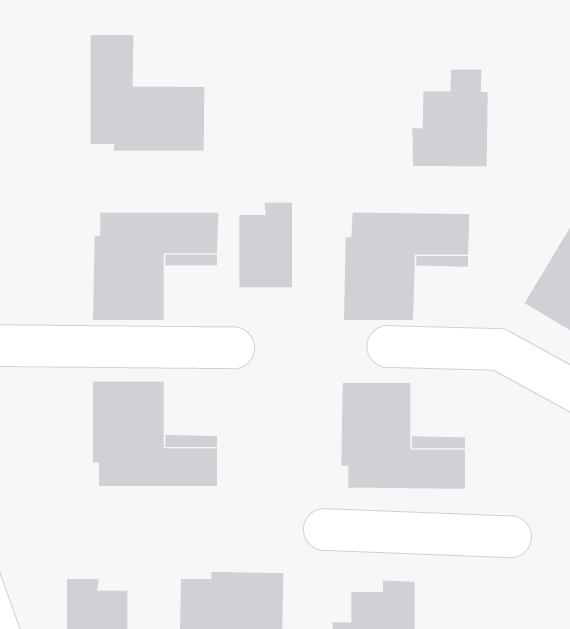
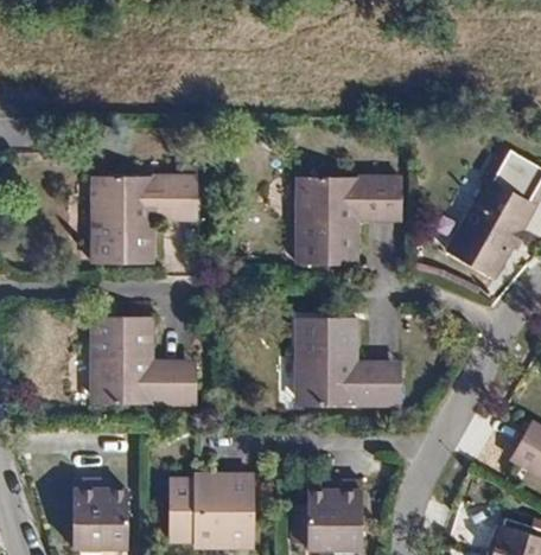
building: [90,34,205,152] -> none
building: [412,69,488,167] -> none
building: [239,202,293,288] -> none

